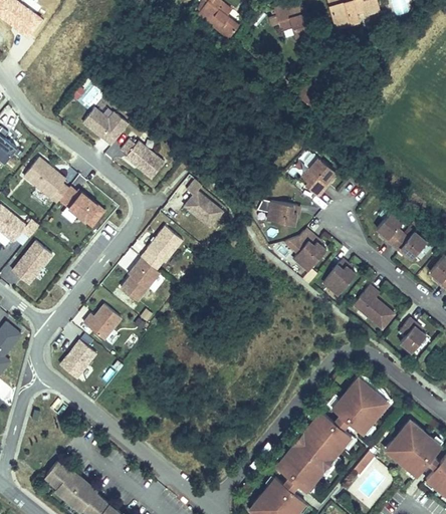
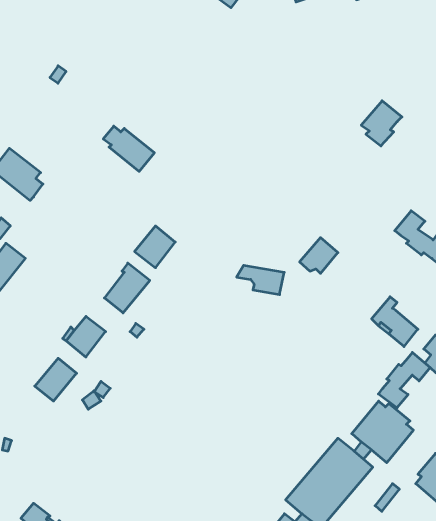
building: [82,108,128,146] -> none
building: [297,156,332,195] -> [361,101,402,146]
building: [184,179,222,226] -> none
building: [60,186,105,226] -> none
building: [254,199,295,224] -> [237,265,284,295]
building: [320,260,353,291] -> none
building: none -> [378,352,430,408]

